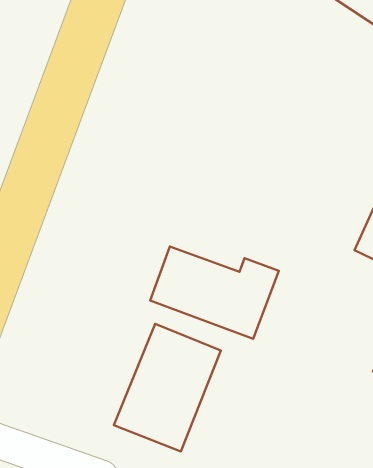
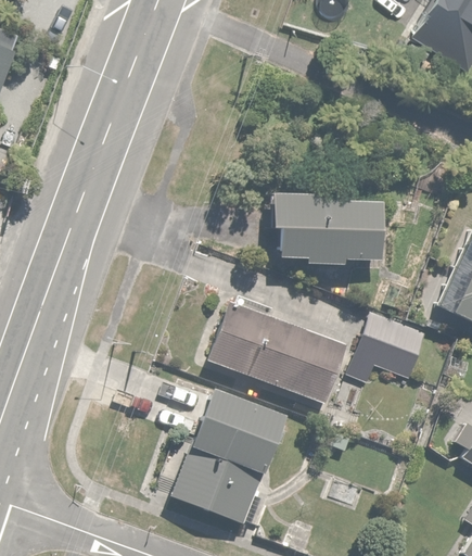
building: none -> [271,193,384,268]
building: none -> [348,312,432,384]

